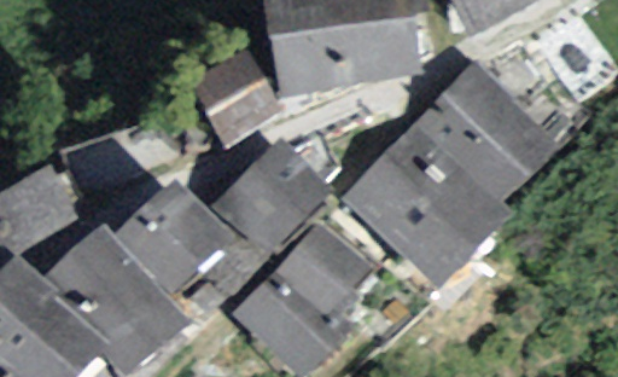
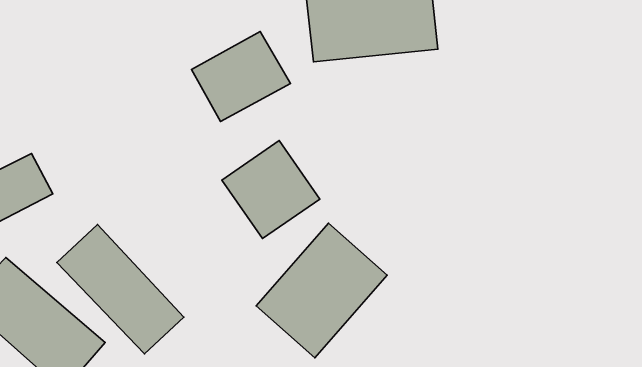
building: [427,59,554,192] -> none
building: [351,130,496,276] -> none
building: [133,192,232,292] -> none

